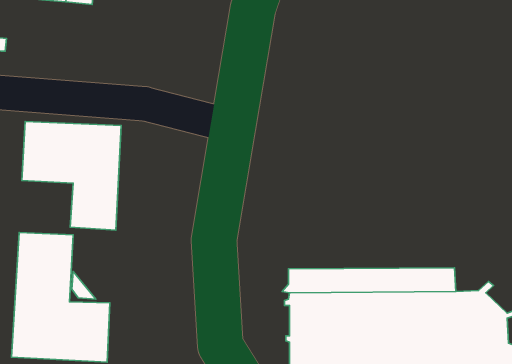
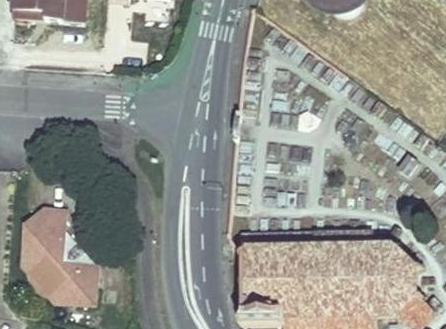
building: [22,121,121,230] -> none

